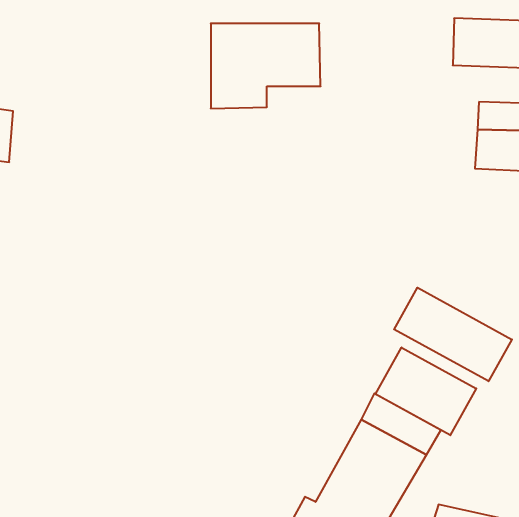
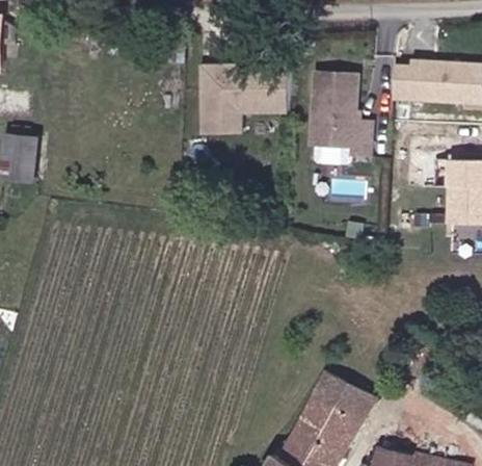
building: none -> [317,78,376,171]
building: [394,288,512,381] -> none
building: [376,347,476,435] -> none

